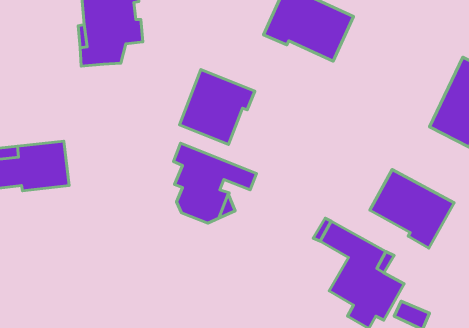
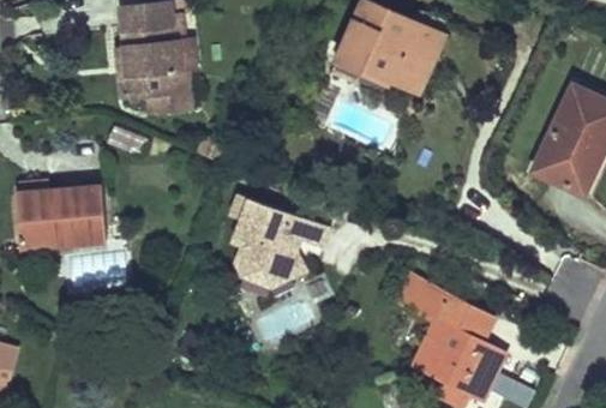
building: none -> [146,67,196,108]
building: [179,70,255,144] -> none
building: [370,170,454,248] -> none

